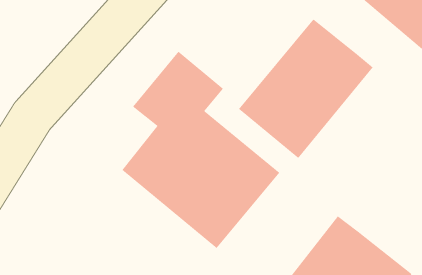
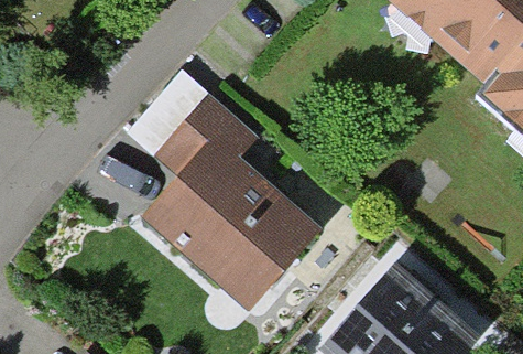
building: [238,18,373,159] -> none

